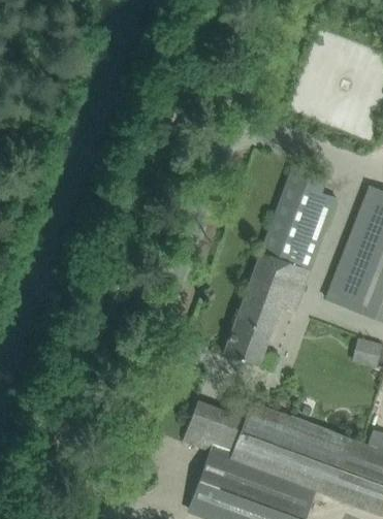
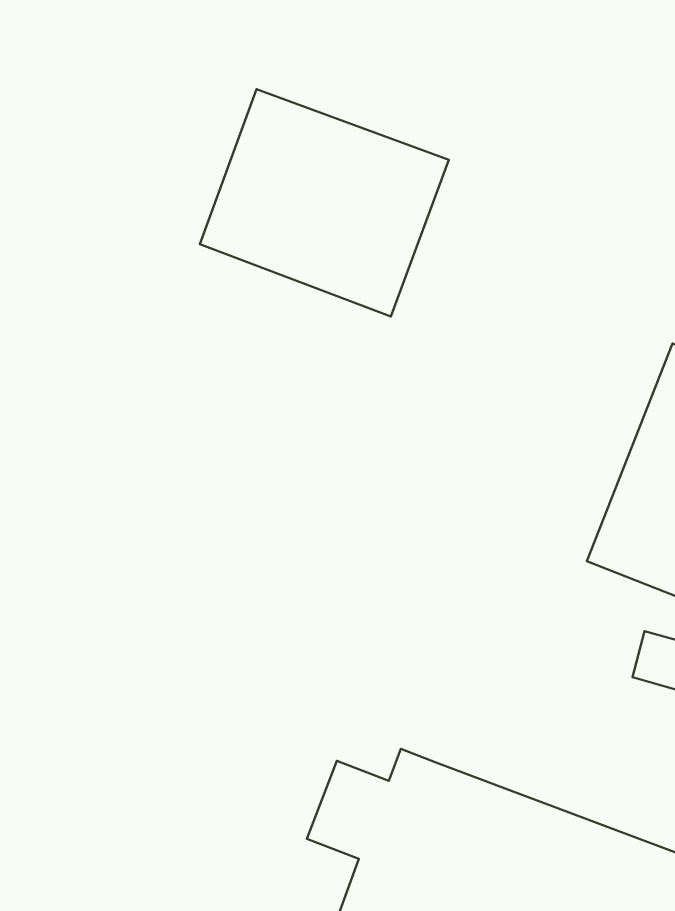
building: none -> [200,89,449,316]
building: [223,166,337,366] -> none

